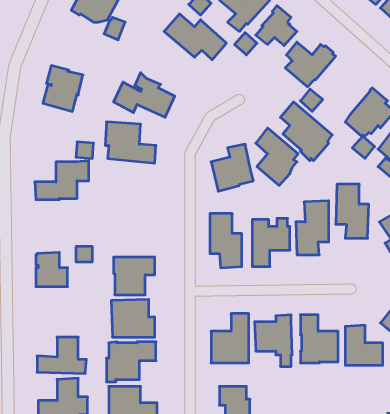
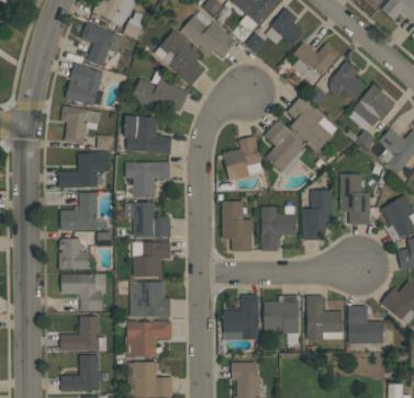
building: none -> [81,23,124,67]
building: none -> [154,31,204,87]
building: none -> [329,60,365,100]
building: none -> [60,106,101,144]
building: none -> [125,162,169,197]
building: none -> [60,193,107,230]
building: none -> [125,203,170,237]
building: none -> [60,274,107,311]

